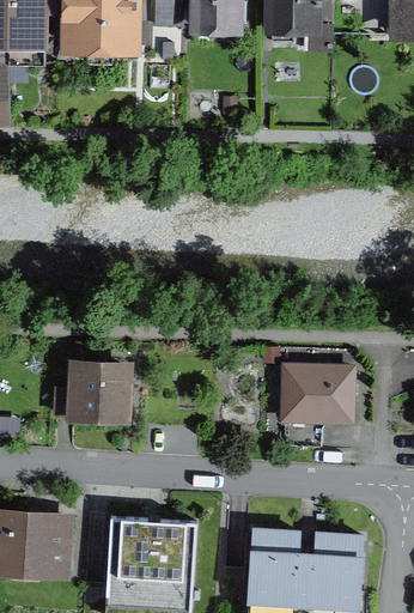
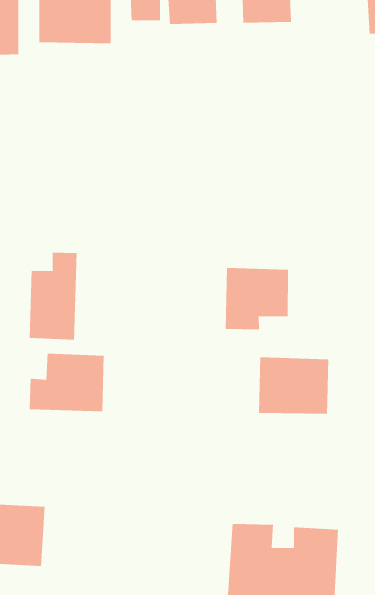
building: none -> [29,252,77,341]
building: none -> [225,267,289,330]
building: [122,515,196,594] -> none

